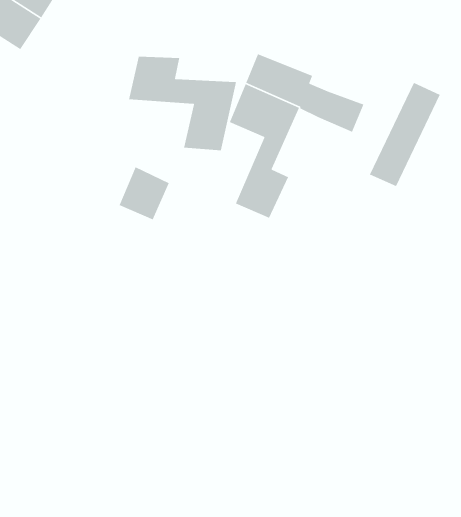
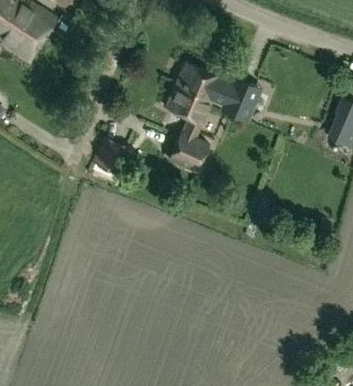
building: [128,56,237,151] -> none
building: [369,82,441,187] -> none

